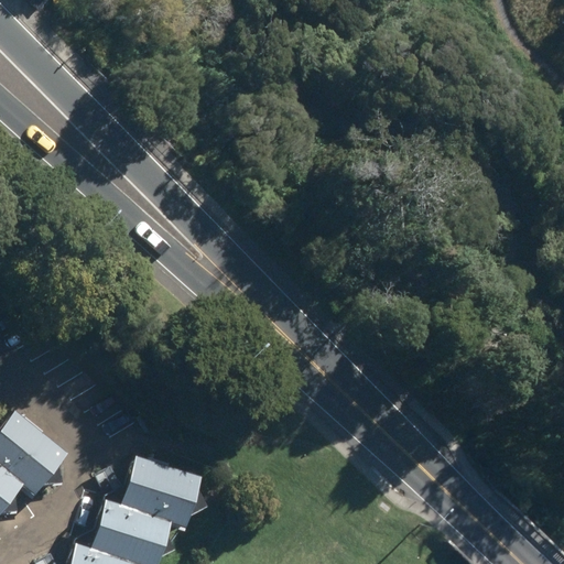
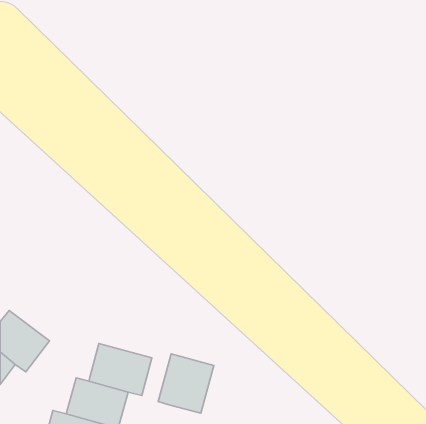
building: none -> [158,354,214,413]

